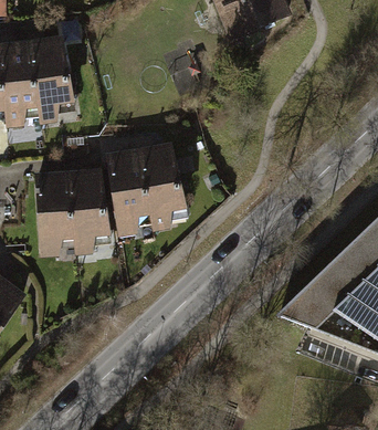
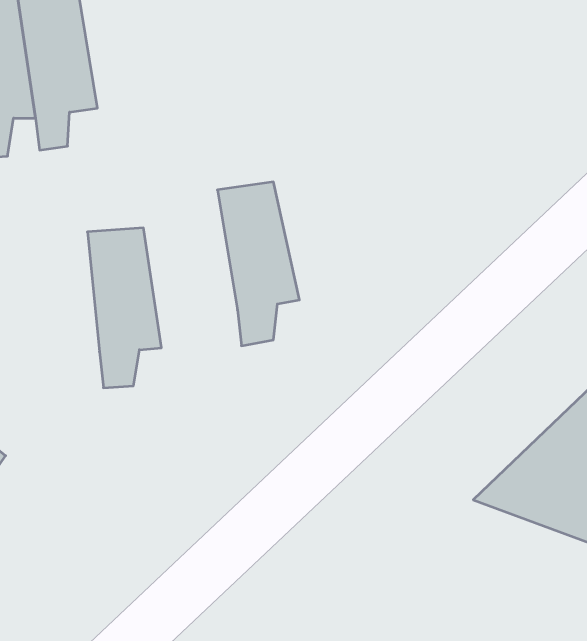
building: [104,146,147,234] -> none
building: [32,169,71,256] -> none

